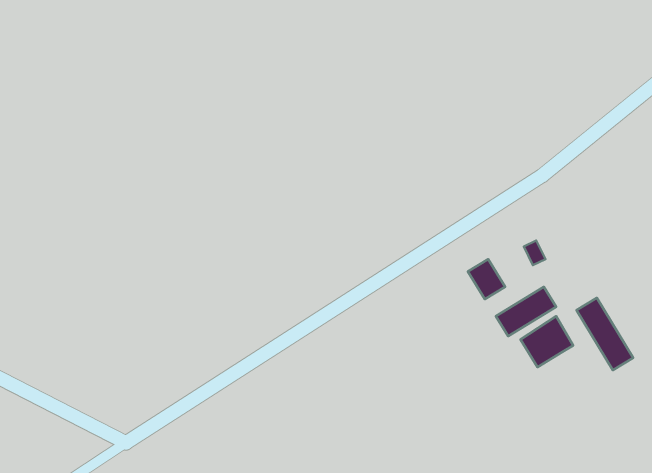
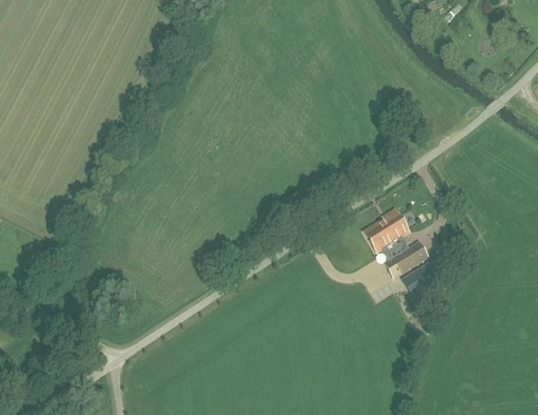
building: none -> [380,208,409,241]
building: [576,298,633,370] -> none

